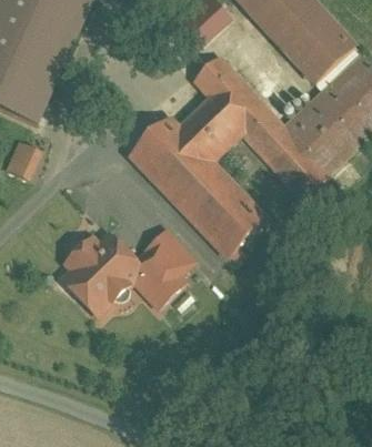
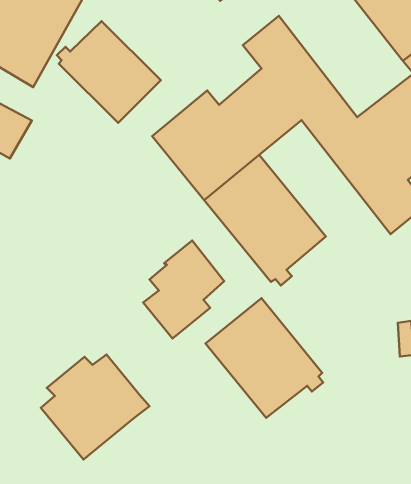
building: none -> [57,21,161,123]
building: [61,233,143,314] -> [41,354,149,459]
building: none -> [206,298,323,418]

